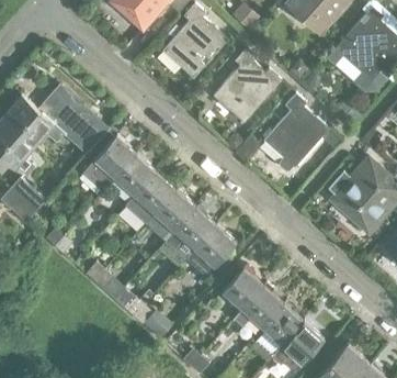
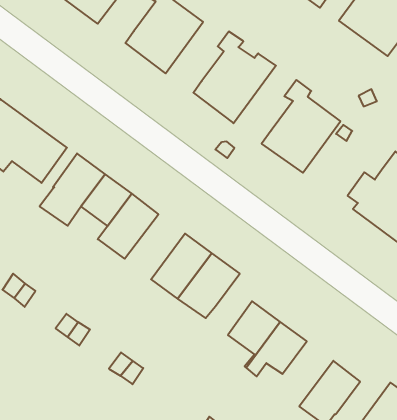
building: [145,190,195,242] -> none
building: [256,303,304,356] -> none

